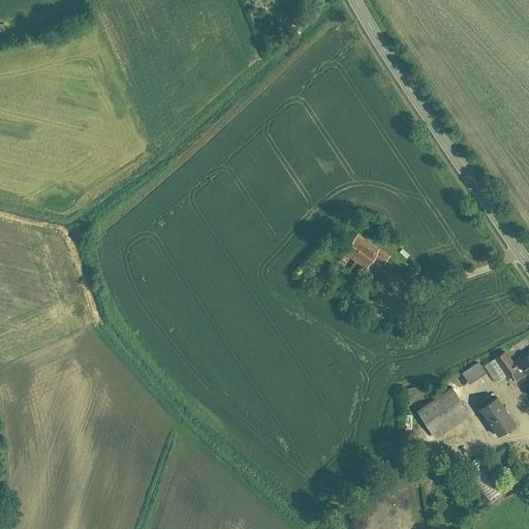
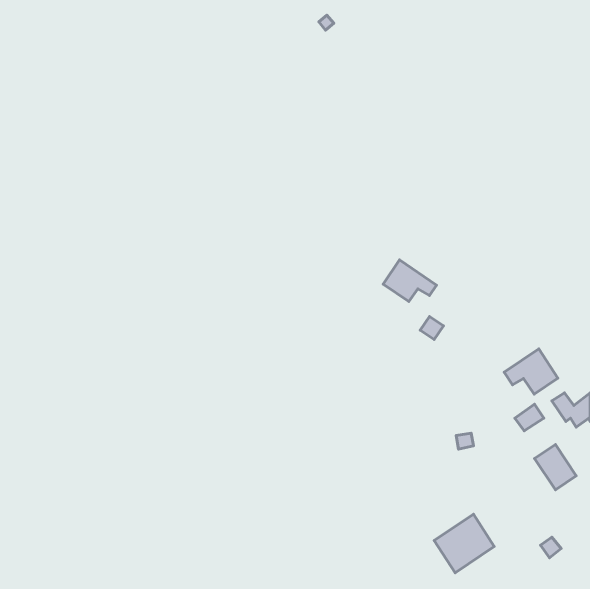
building: none -> [504,349,558,394]
building: [416,387,470,440] -> [434,514,494,573]

